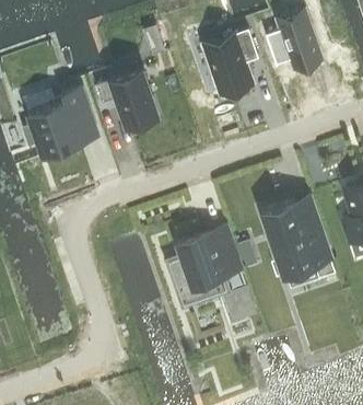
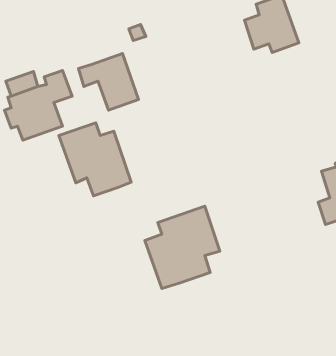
building: [204,31,260,96] -> none
building: none -> [59,123,131,196]
building: [264,202,332,276] -> none

